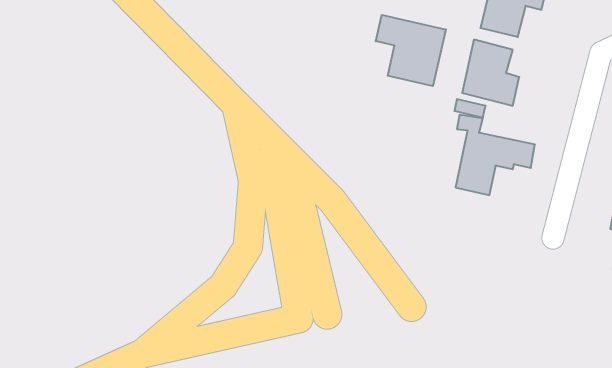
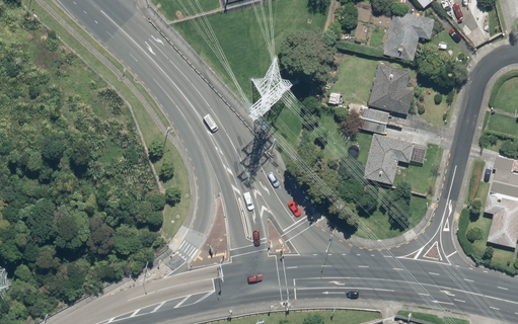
building: [376,15,446,86] -> none

